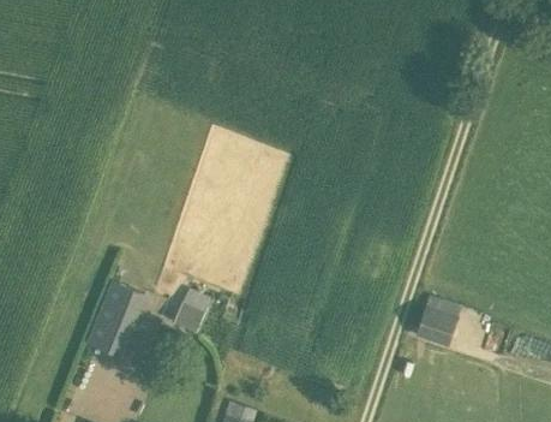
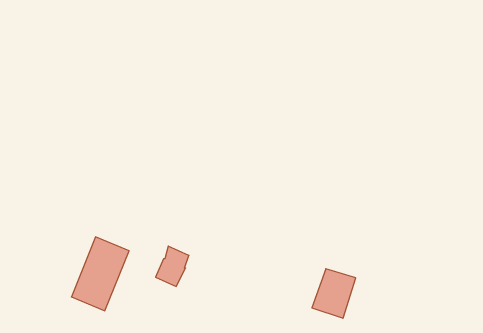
building: [415,296,461,347] -> [312,269,356,318]

